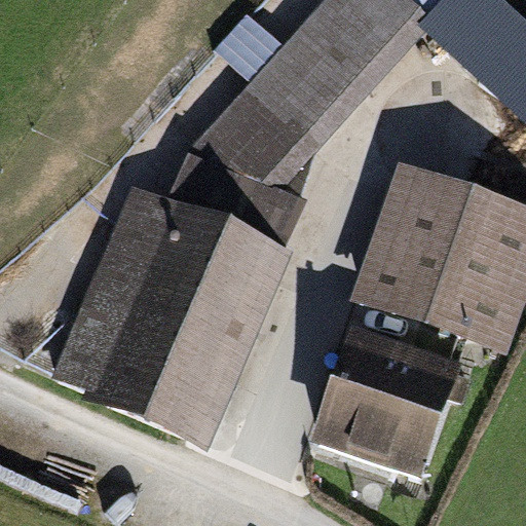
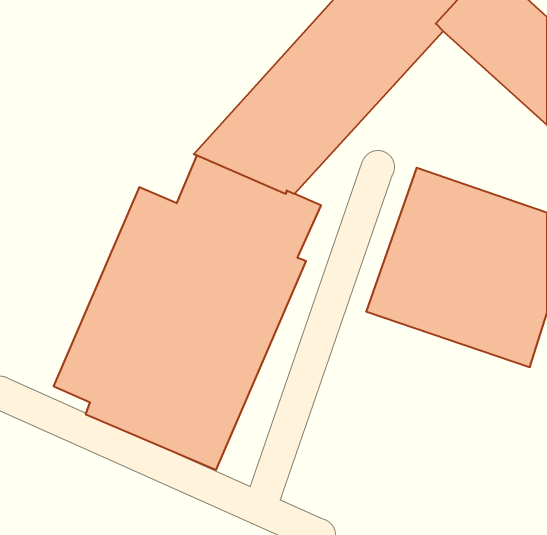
building: [312,328,464,484] -> none

